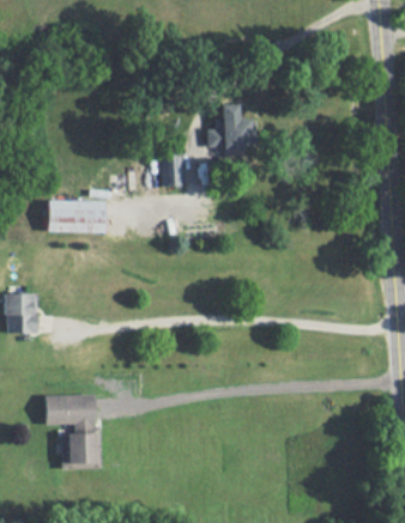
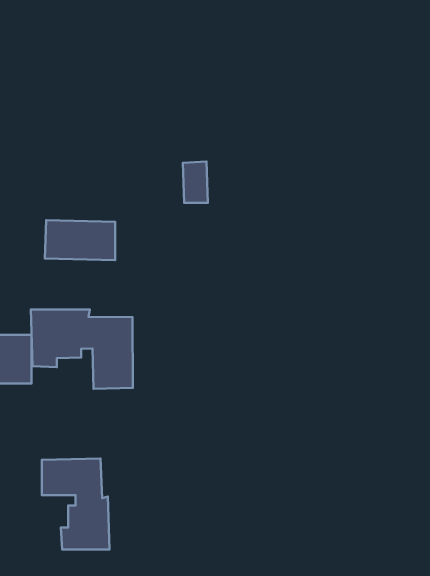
building: [207,104,256,148] -> none
building: none -> [31,310,133,389]

